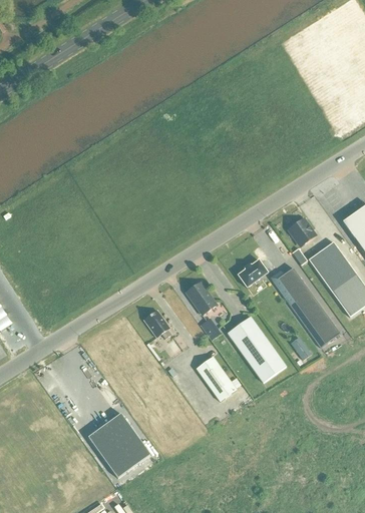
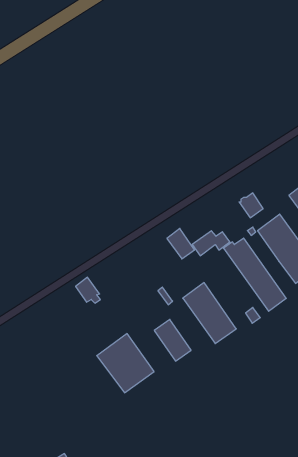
building: [186,282,216,315] -> [167,228,195,259]
building: [143,310,170,338] -> [76,277,100,303]
building: [87,413,149,477] -> [97,334,154,393]

